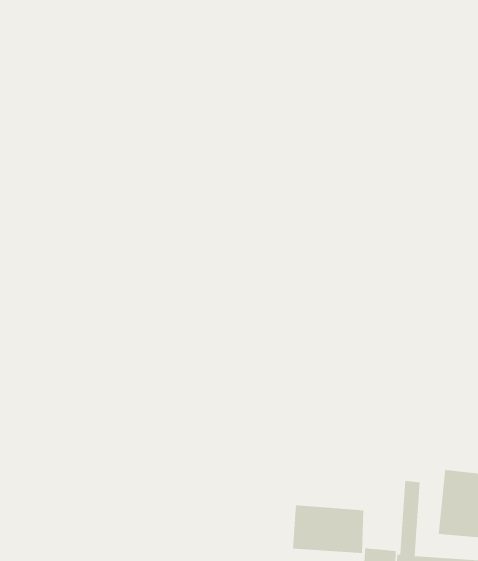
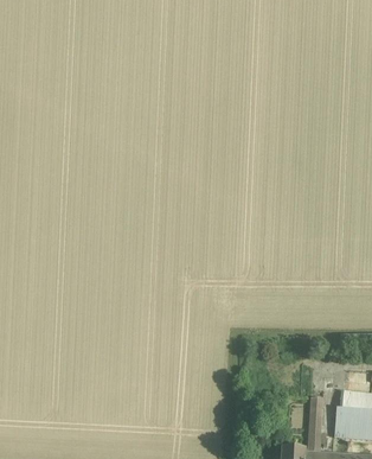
building: [292,504,364,554] -> none

